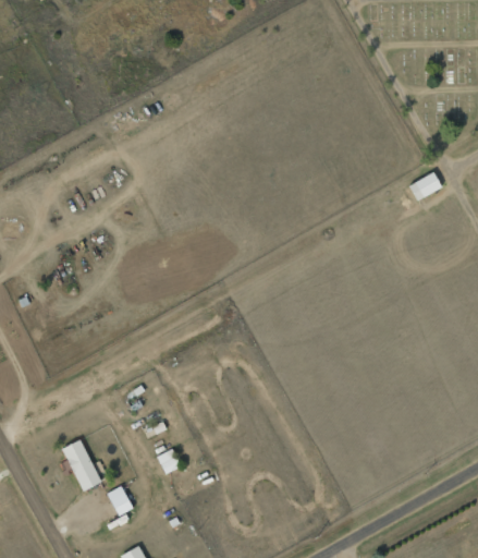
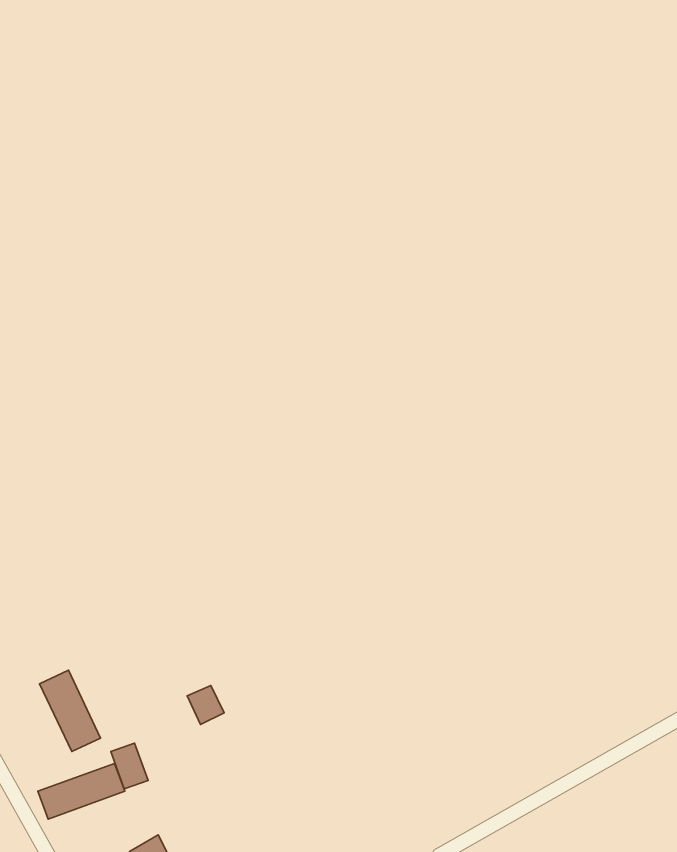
building: [408,173,441,201] -> none
building: none -> [38,763,125,819]

